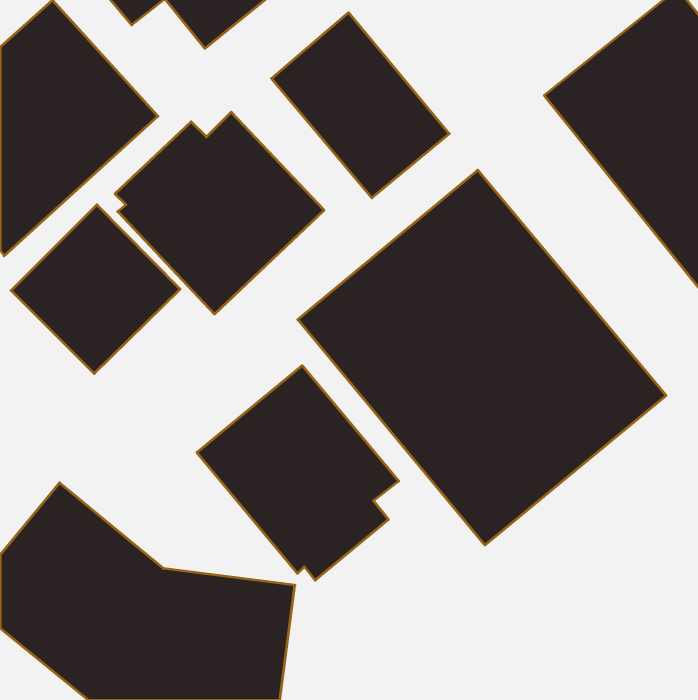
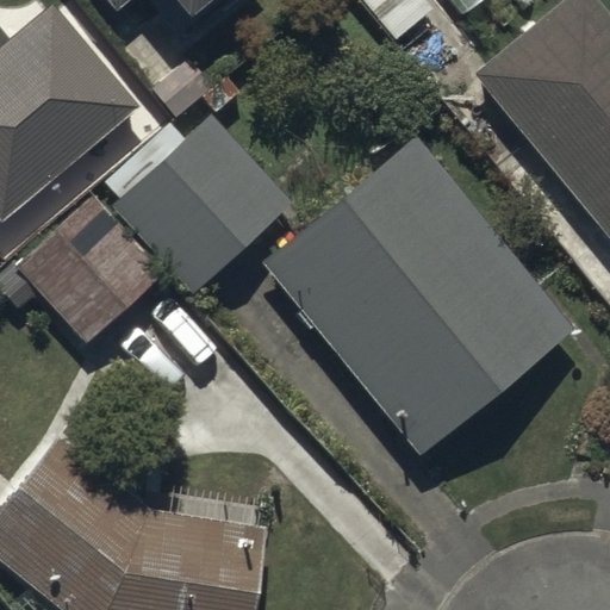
building: [271,13,449,198] -> none
building: [197,366,399,580] -> none

